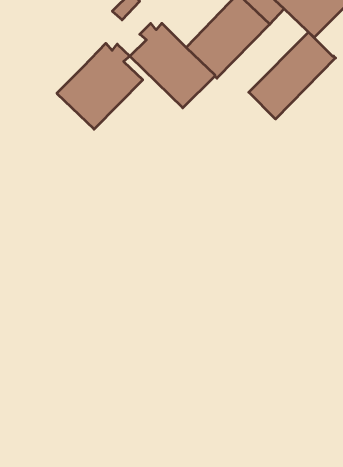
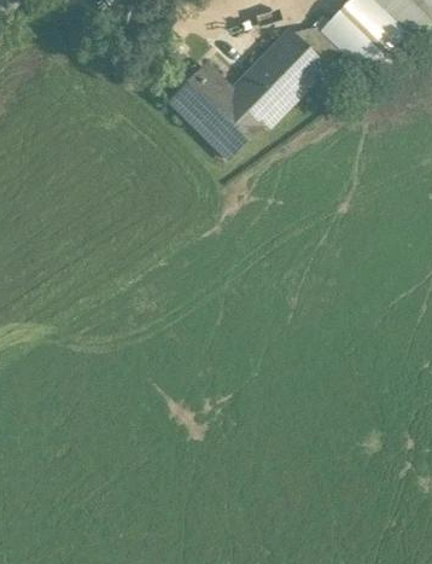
building: [249,32,336,119] -> none
building: [57,43,143,129] -> none

